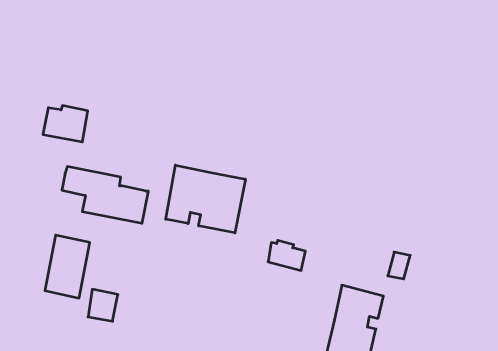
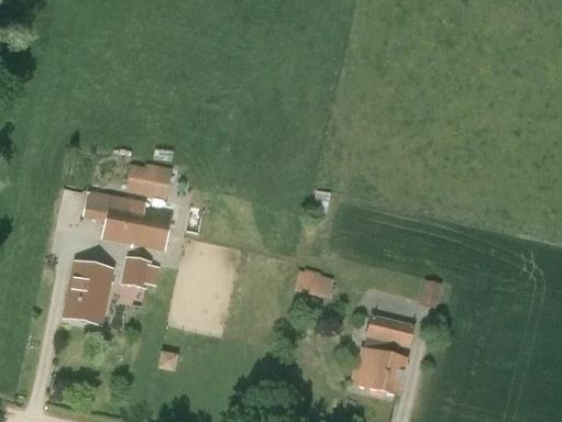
building: [43,106,88,142] -> [124,164,170,201]
building: [166,165,245,233] -> none
building: [88,289,118,321] -> [122,254,153,287]

